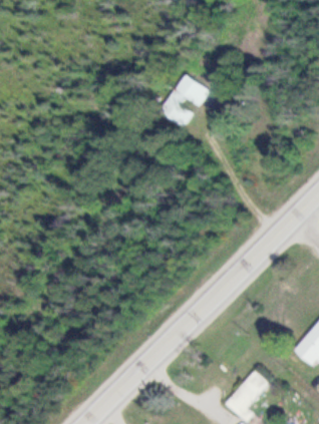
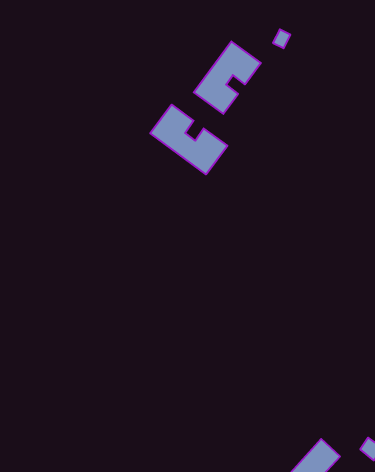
building: none -> [150,105,227,174]

